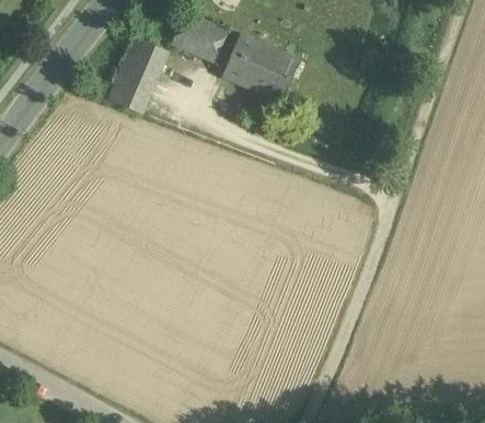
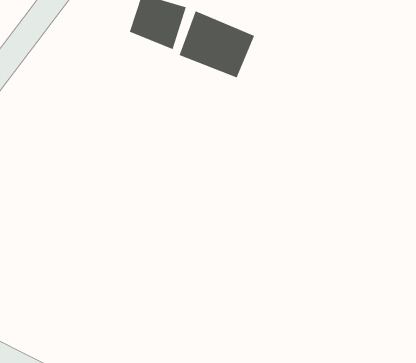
building: [105,35,172,109] -> none

